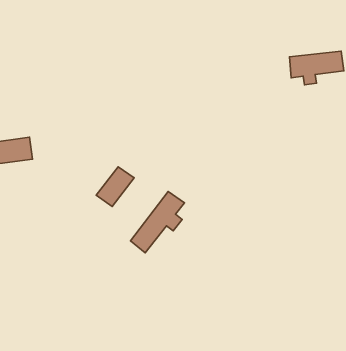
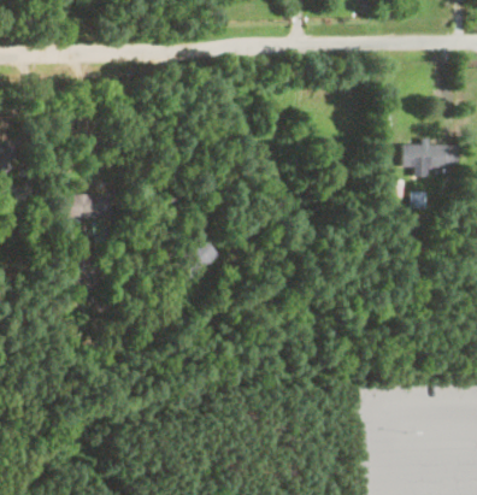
building: [131,191,185,253] -> none

